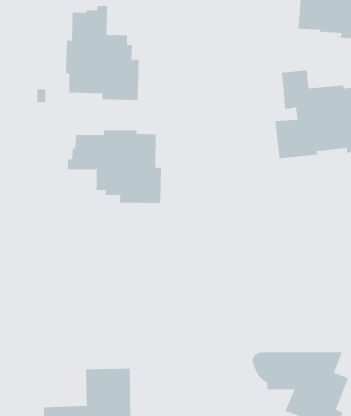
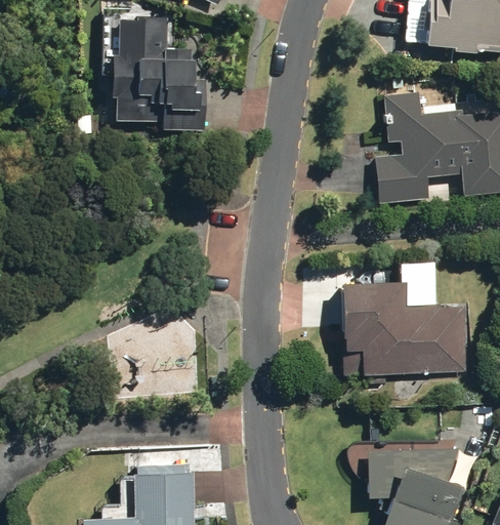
building: [67,129,162,204] -> none
building: none -> [341,275,464,372]

